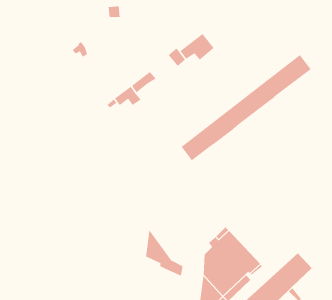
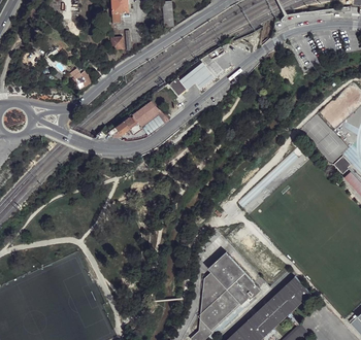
building: [181,54,311,161] -> none
building: [145,229,183,276] -> none

